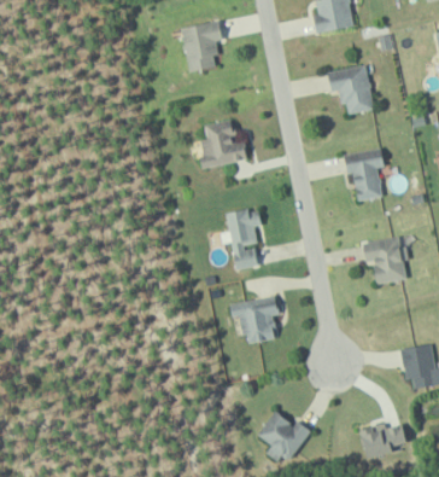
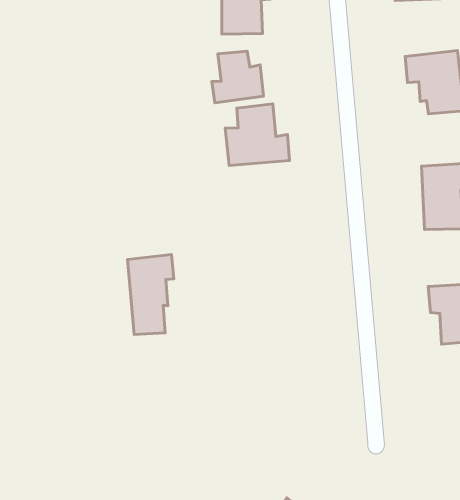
building: none -> [212,51,263,103]
building: [226,206,262,269] -> [127,254,174,335]
building: [229,296,280,343] -> none

